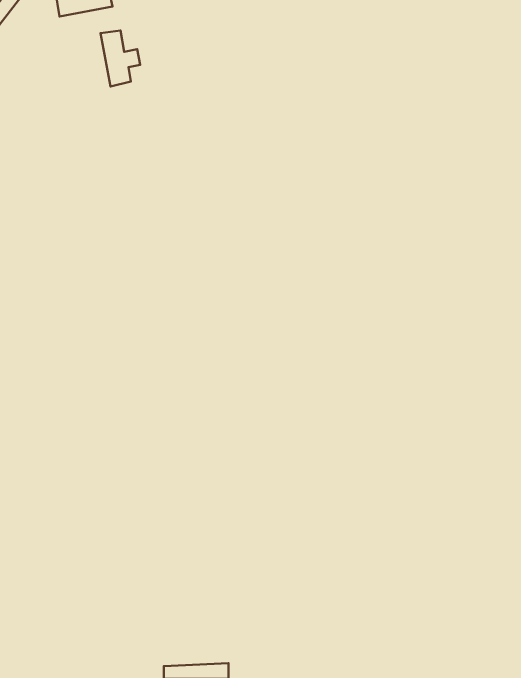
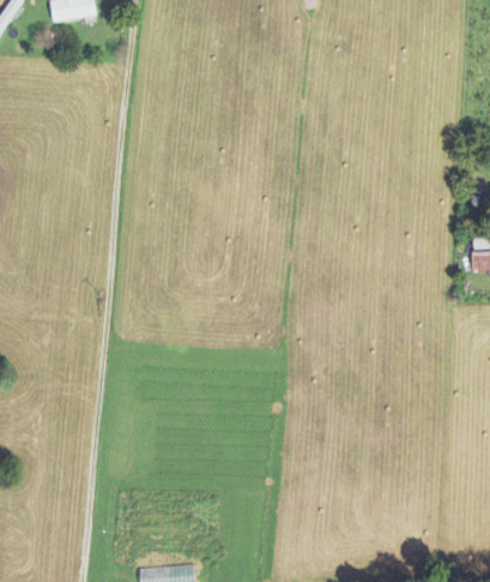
building: [101,30,140,86] -> none

